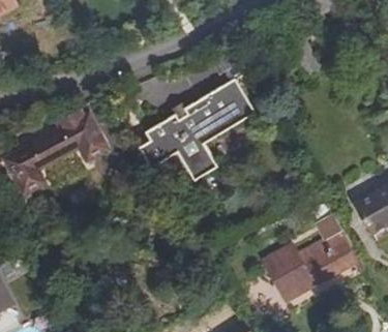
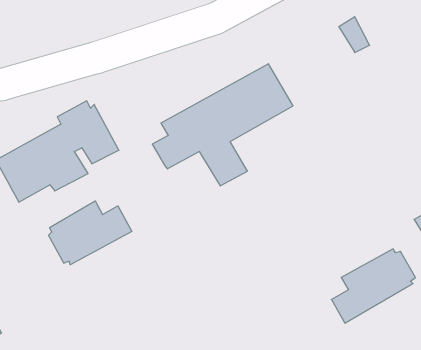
building: none -> [49,201,132,265]

